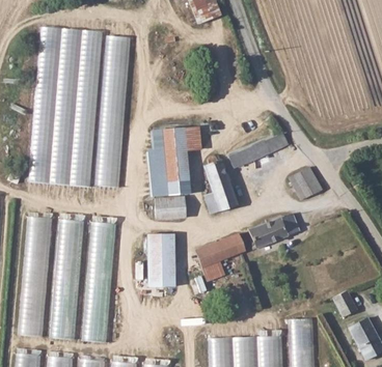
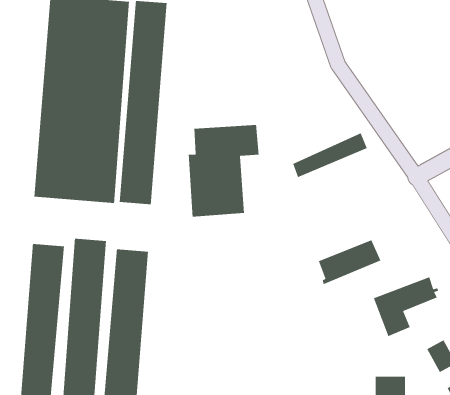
building: [202,156,236,214] -> none
building: [286,168,320,200] -> none
building: [155,195,187,220] -> none
building: [147,233,175,287] -> none
building: [193,234,244,281] -> [373,276,439,337]

